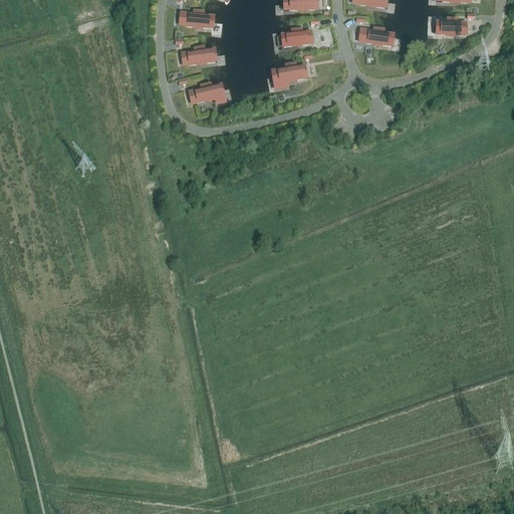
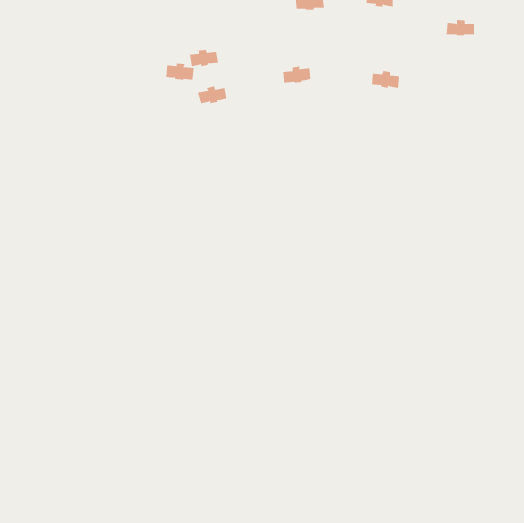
building: [184,11,212,28] -> [166,63,194,80]
building: [363,28,392,46] -> [371,70,400,89]
building: [281,29,310,46] -> none

